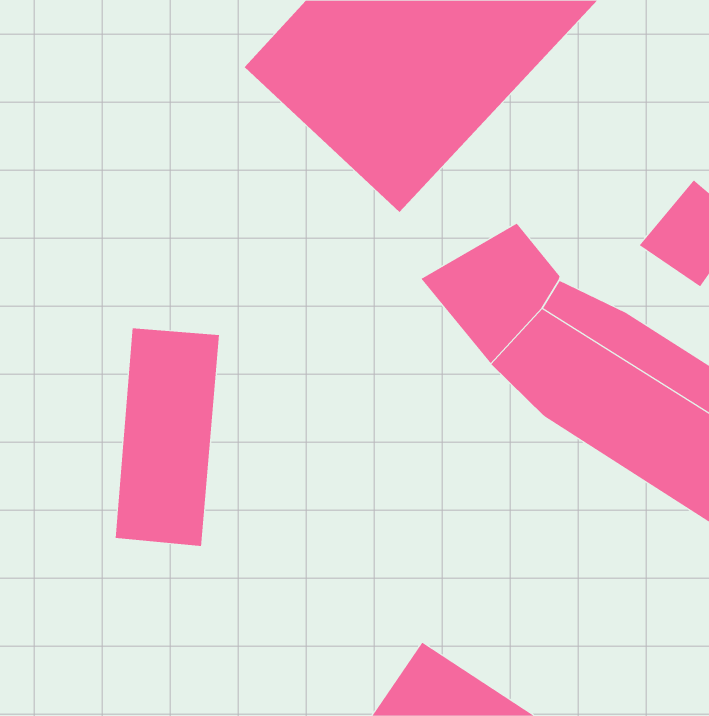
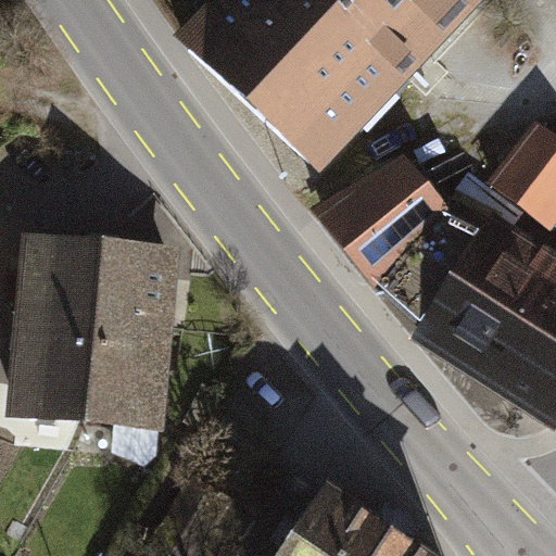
building: none -> [24,247,108,417]

